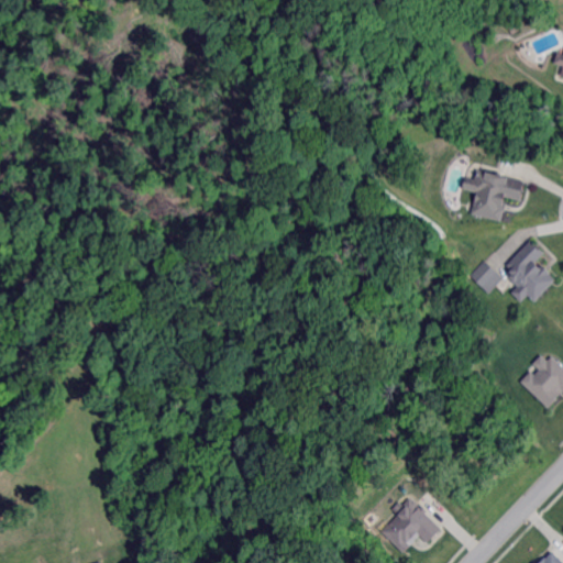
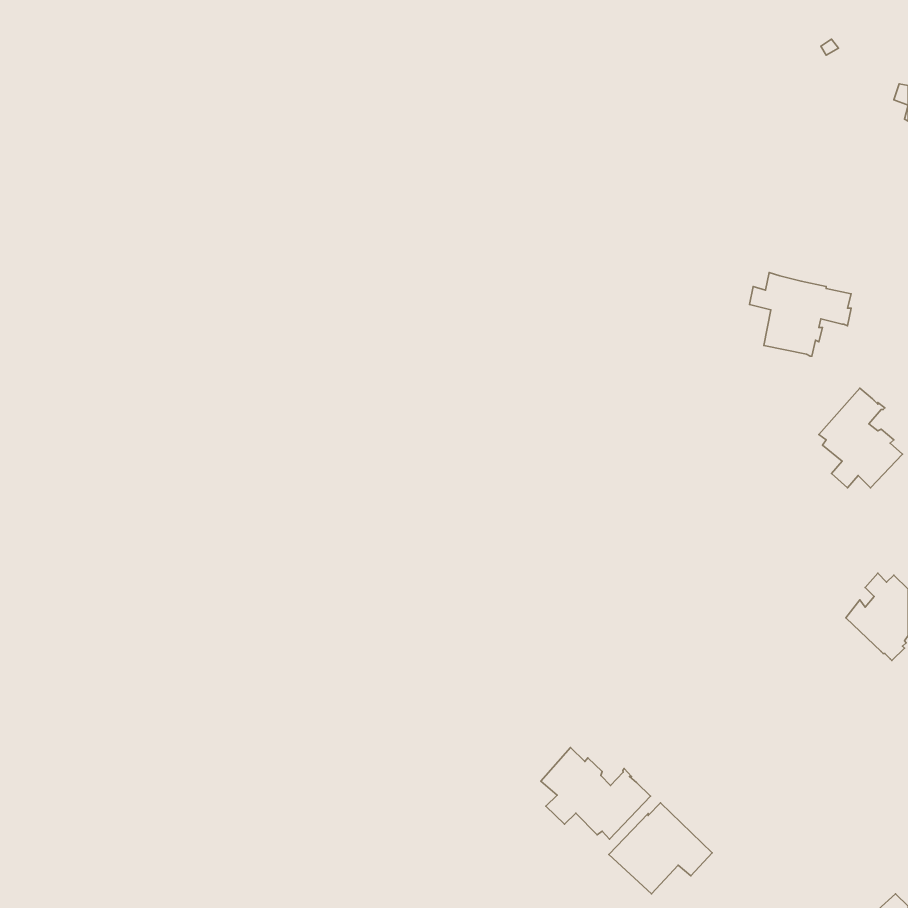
building: [468,260,501,292] -> none
building: none -> [541,748,651,839]

